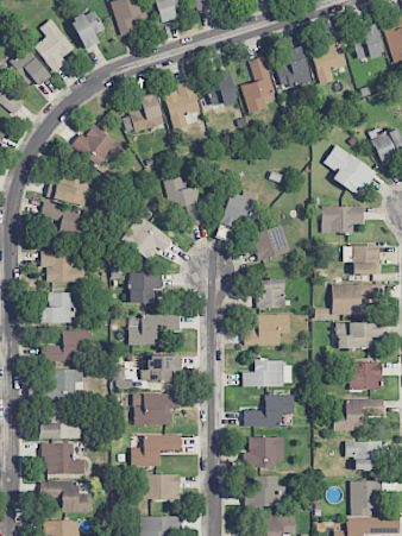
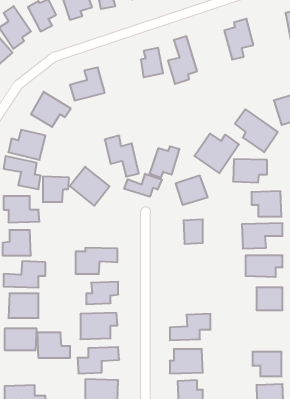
building: [352,24,383,61] -> none
building: [275,46,312,89] -> none
building: [163,80,200,131] -> none
building: none -> [194,134,239,173]
building: none -> [124,174,162,197]
building: [130,272,162,303] -> [43,177,69,202]
building: [244,315,289,347] -> none
building: [243,361,291,386] -> none
building: [333,399,384,431] -> none
building: [44,443,84,474] -> [37,332,70,358]

